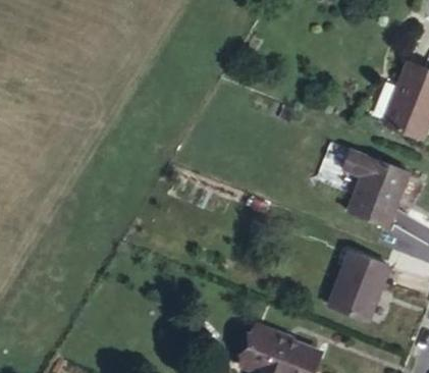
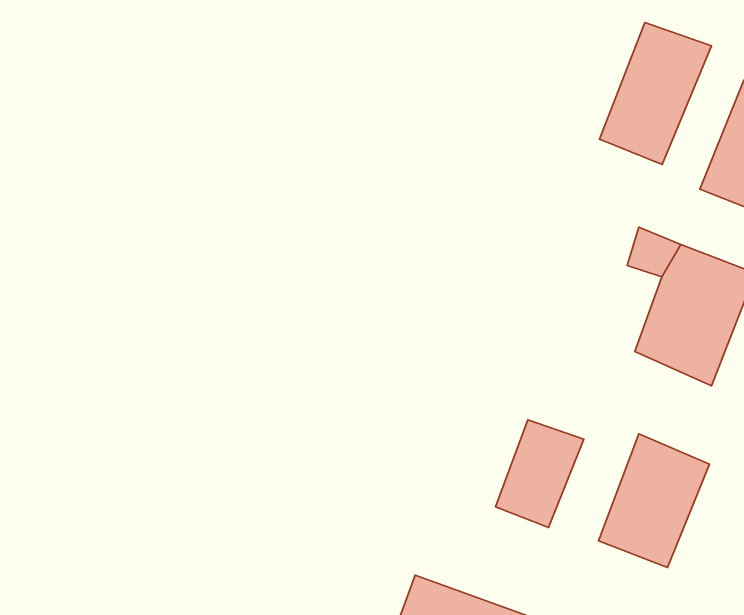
building: none -> [600,23,711,165]
building: none -> [496,420,584,527]

